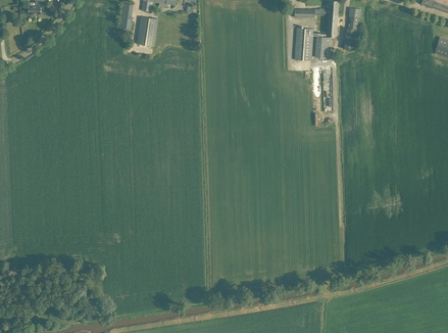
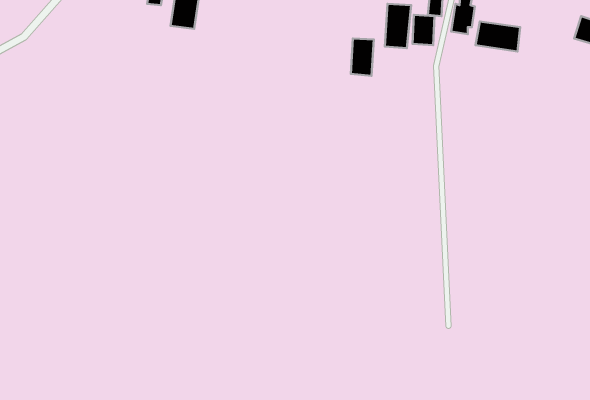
building: none -> [476,22,520,52]
building: none -> [351,39,374,76]

